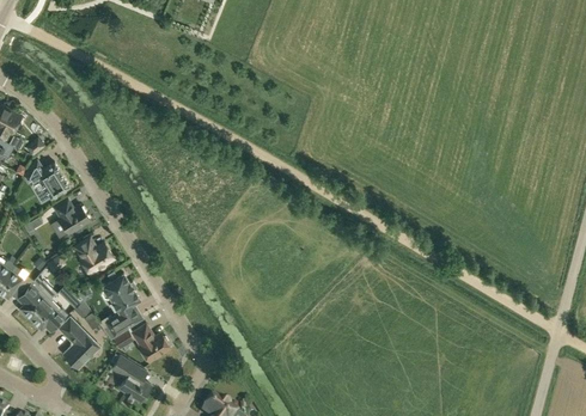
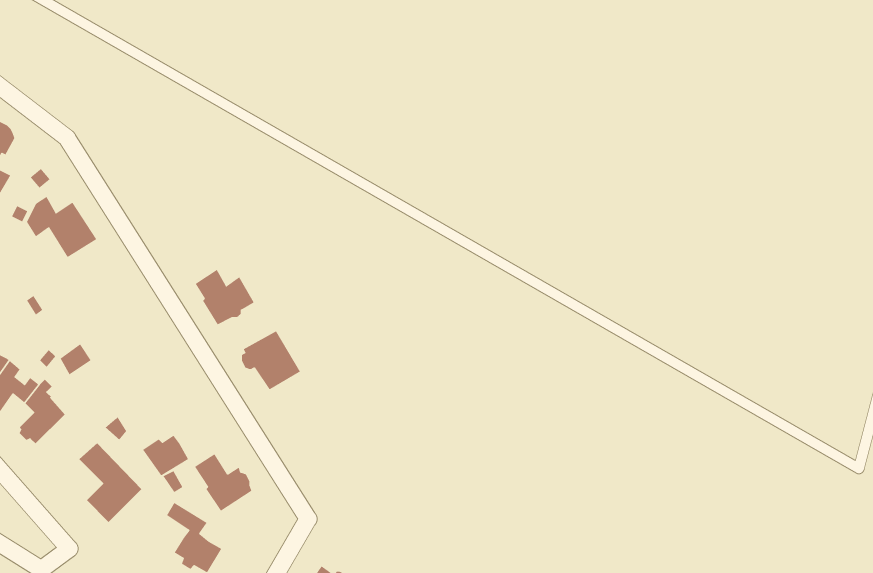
building: [55,198,90,233] -> none
building: [75,237,114,273] -> [195,269,254,325]
building: [102,274,140,312] -> [241,331,301,390]
building: [31,299,68,334] -> none

